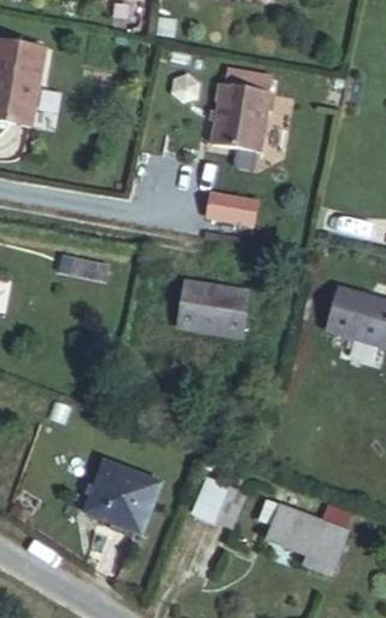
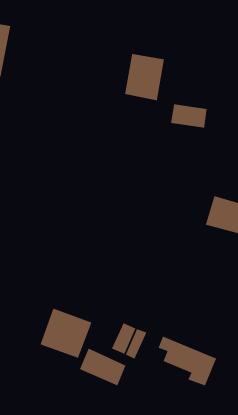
building: [207,192,262,228] -> [170,104,207,128]
building: [174,281,245,339] -> none
building: none -> [79,348,127,387]

